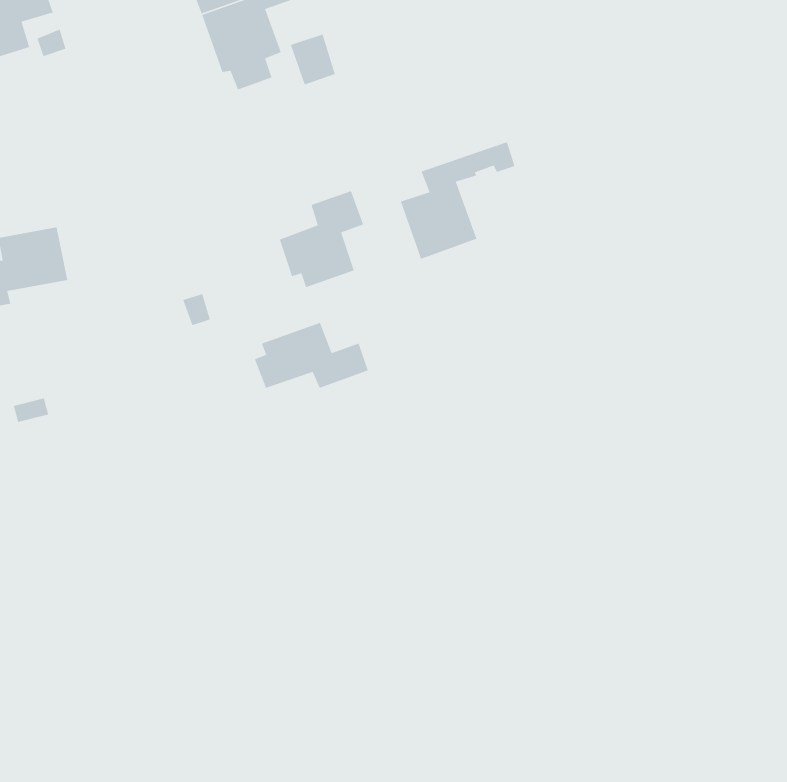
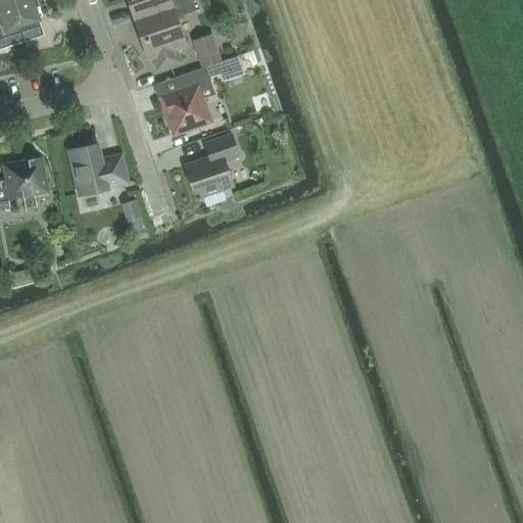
building: [400,141,515,260] -> [160,57,235,134]
building: none -> [68,142,128,195]
building: [254,322,369,389] -> none

